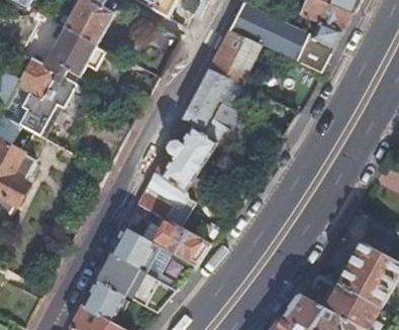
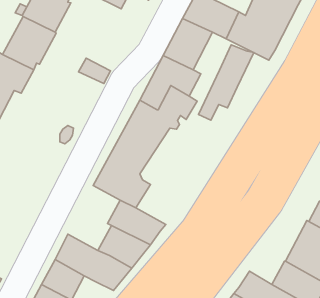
building: none -> [199,45,254,120]
building: [110,227,156,270] -> none

